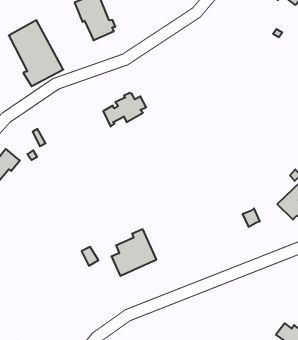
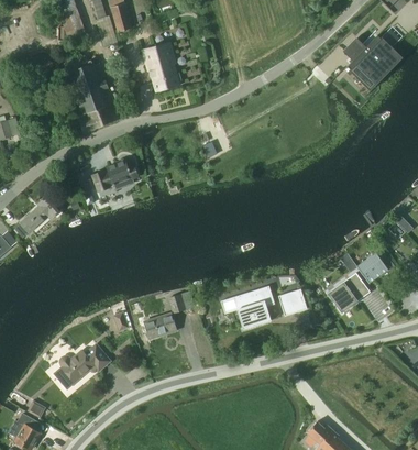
building: [103,93,146,127] -> [92,160,139,193]
building: none -> [235,286,275,330]
building: none -> [55,343,110,387]

